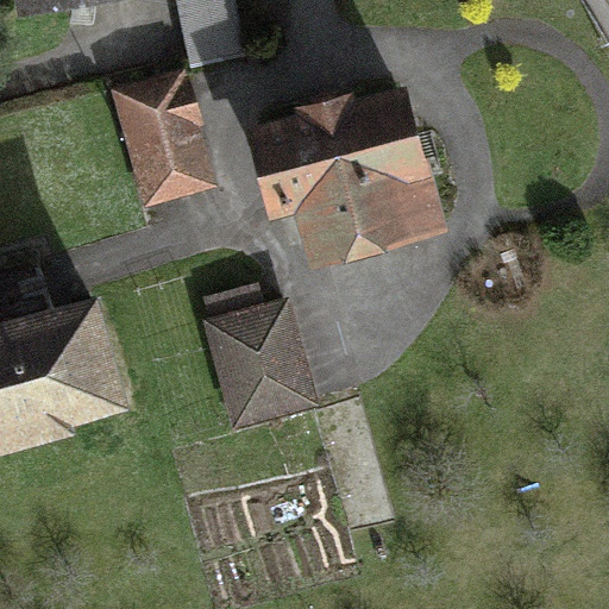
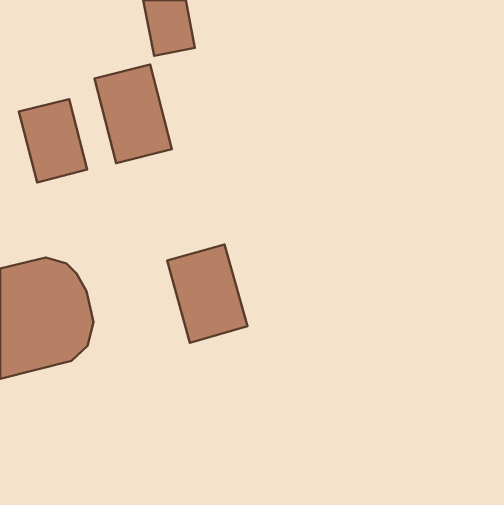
building: [263,92,423,251] -> none
building: none -> [19,99,87,183]

